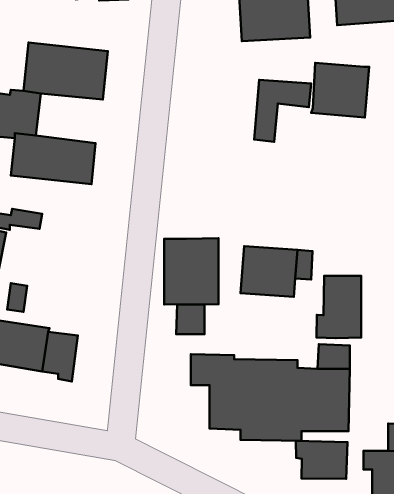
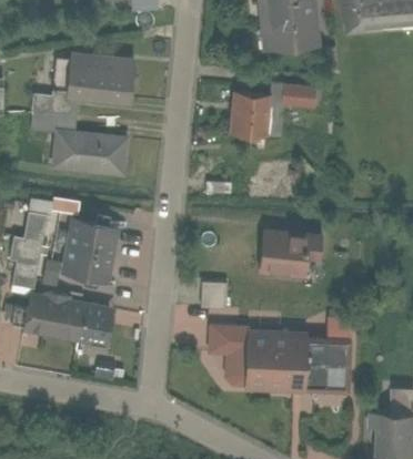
building: [311,63,369,117] -> none
building: none -> [229,91,271,134]
building: none -> [67,221,121,282]
building: [164,238,219,305] -> none
building: [316,276,361,338] -> none
building: [296,441,348,479] -> none

